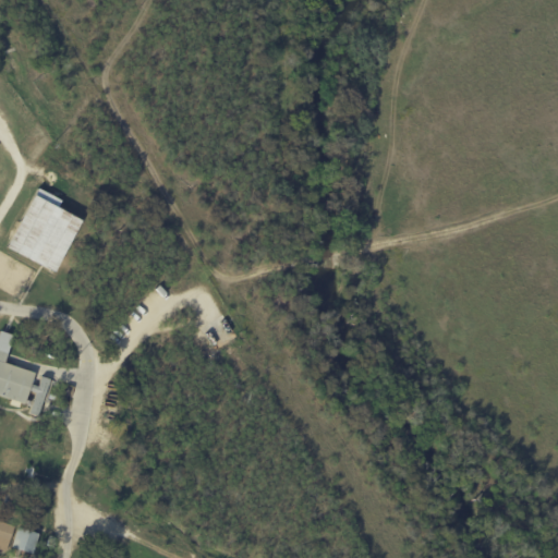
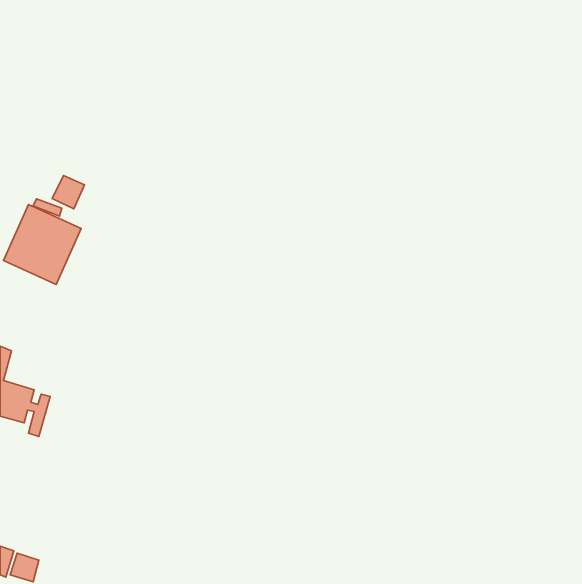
building: none -> [52,175,85,209]

